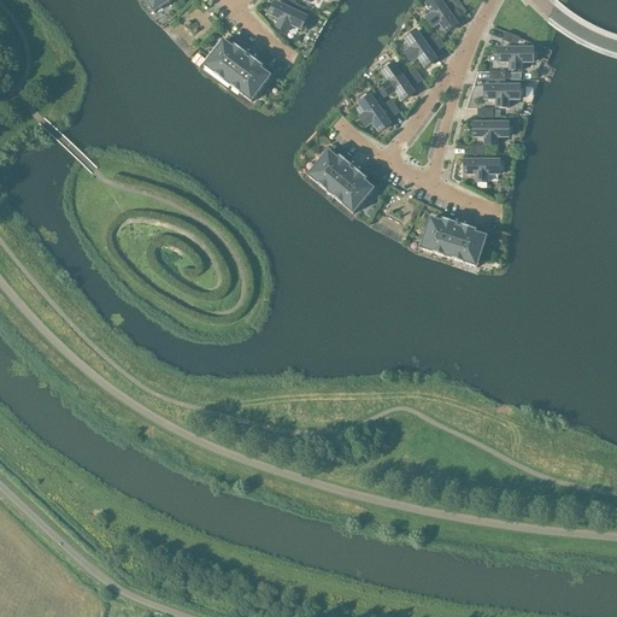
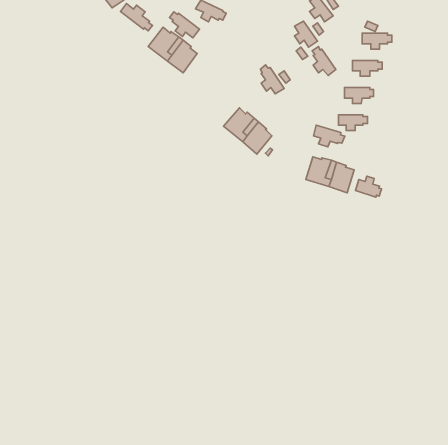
building: none -> [120,4,152,31]
building: none -> [170,12,199,38]
building: [381,58,413,98] -> [312,47,336,76]
building: none -> [314,125,345,147]
building: none -> [355,176,382,197]

